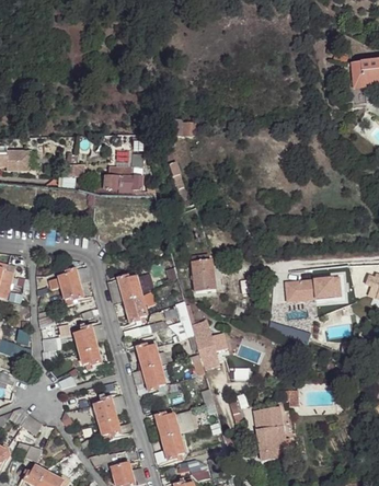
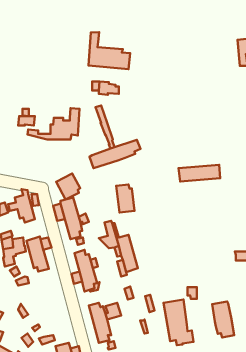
building: none -> [88,32,130,69]
building: none -> [89,140,140,168]
building: none -> [56,173,80,200]
building: [286,277,341,299] -> [179,165,220,181]
building: [92,394,120,440] -> none
building: none -> [212,302,234,337]

